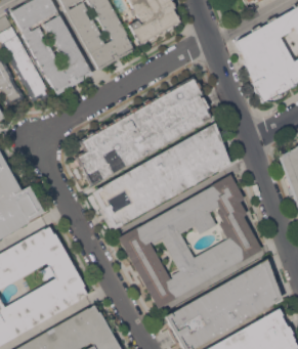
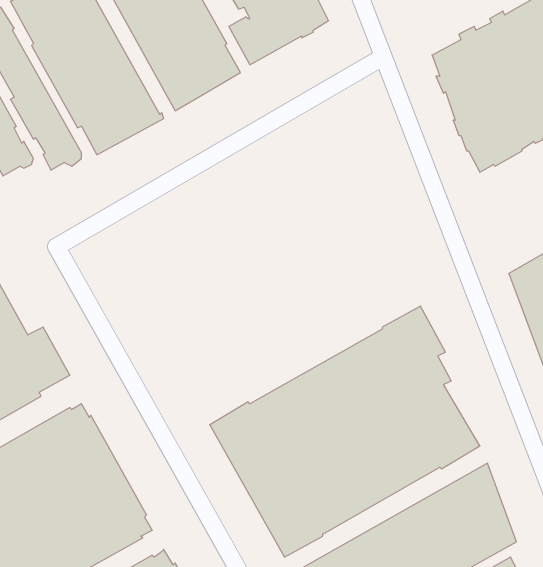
building: [75,77,212,186] -> none
building: [92,123,229,229] -> none

